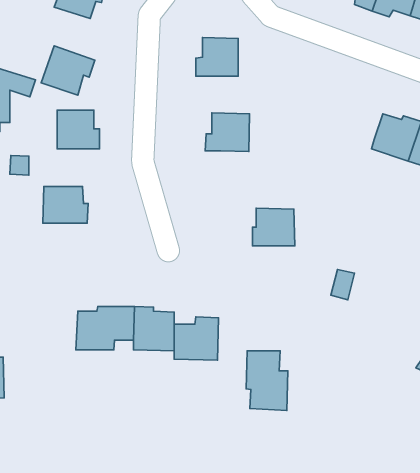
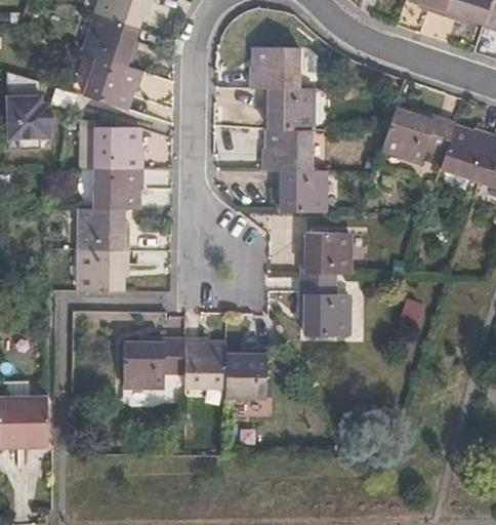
building: none -> [83,14,134,68]
building: none -> [261,89,307,130]
building: none -> [380,110,454,162]
building: none -> [98,168,144,209]
building: none -> [275,170,322,213]
building: none -> [83,249,131,291]
building: [246,351,288,410] -> [309,274,355,338]

